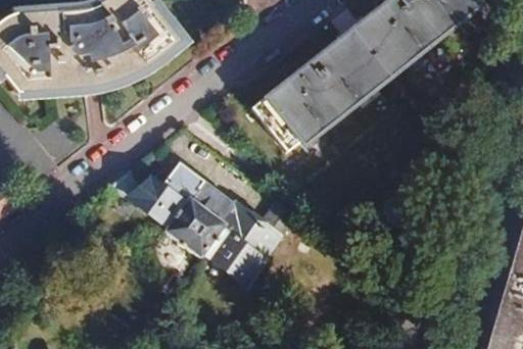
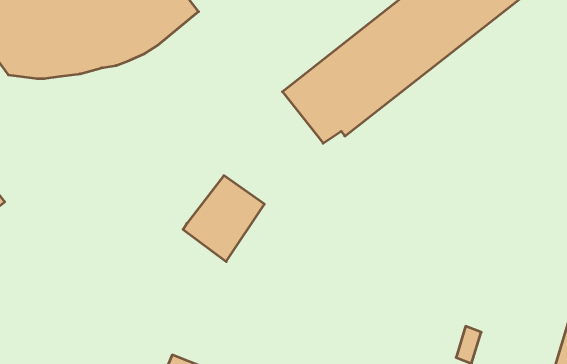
building: [118,154,203,218] -> none
building: [205,196,296,272] -> none

